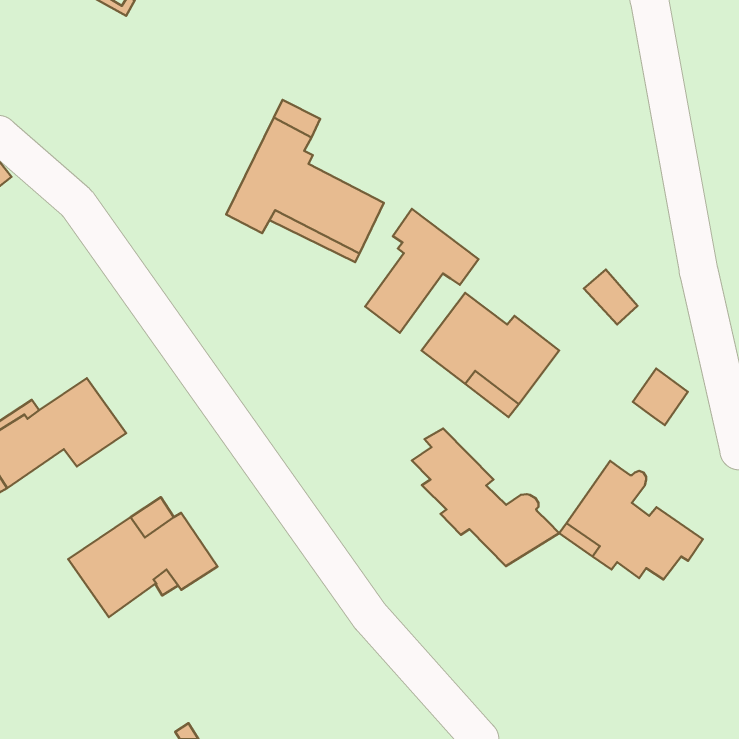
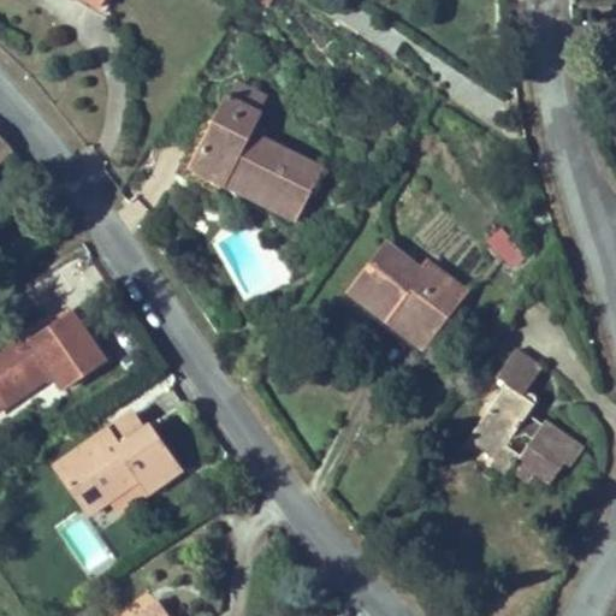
building: [365,209,478,333] -> none
building: [633,369,688,425] -> [497,348,543,395]
building: [412,428,559,566] -> none

